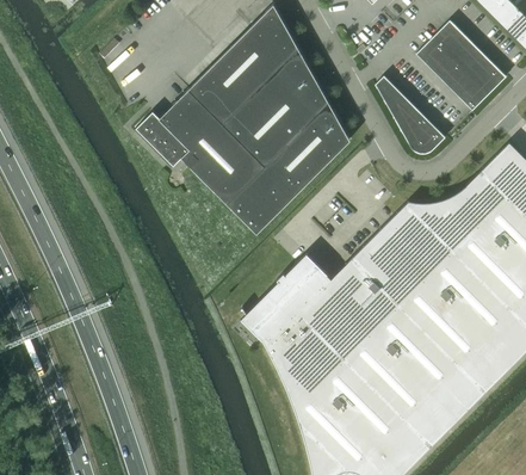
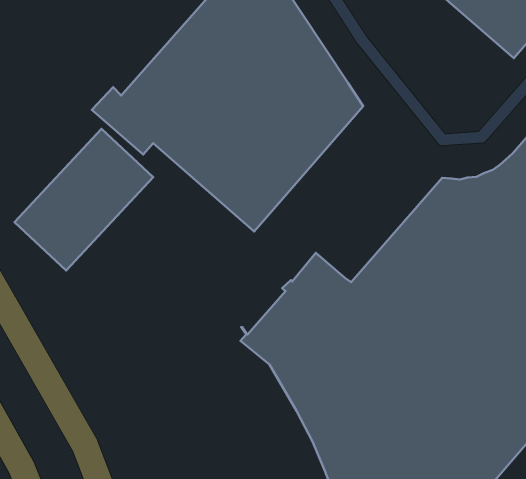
building: [376,75,446,153] -> none
building: none -> [14,129,153,270]

